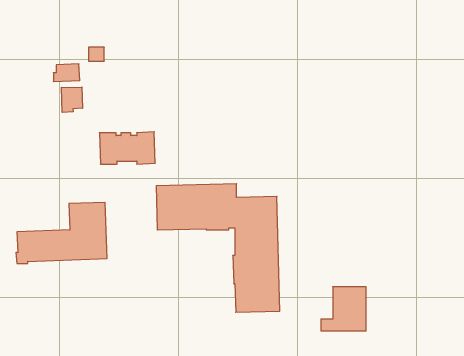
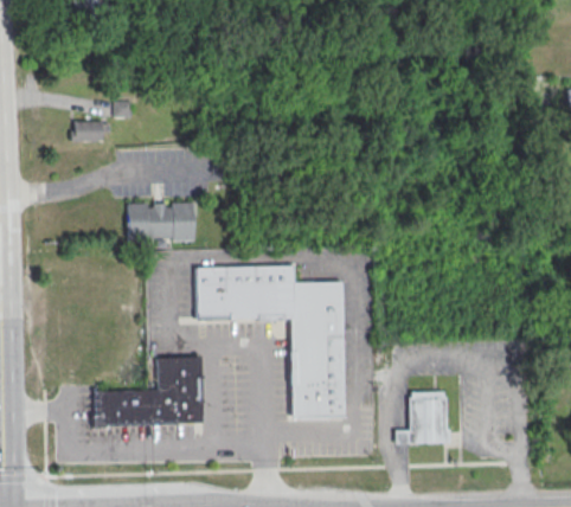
building: [61,87,83,112] -> none
building: [16,202,107,263] -> [92,355,203,429]

